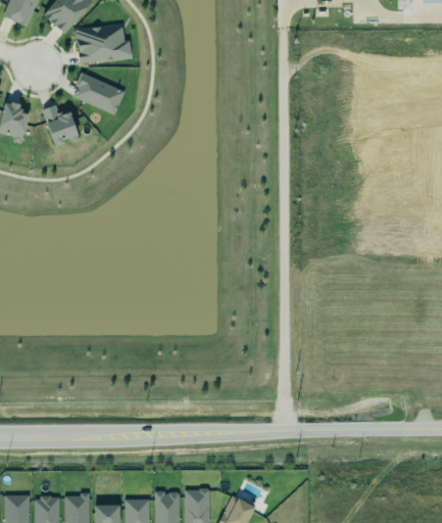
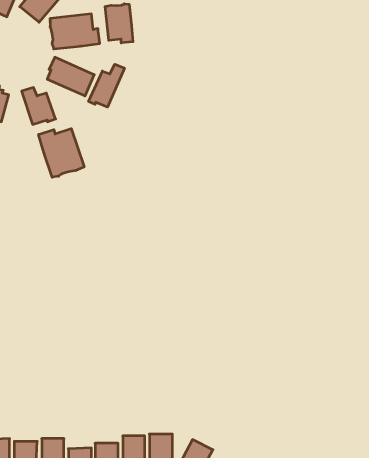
building: none -> [105,4,133,43]
building: none -> [89,64,124,107]
building: none -> [39,129,84,177]

